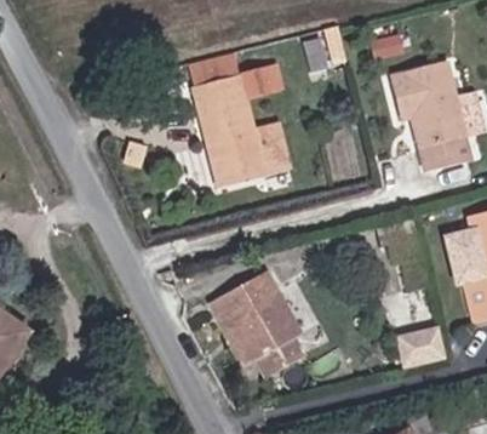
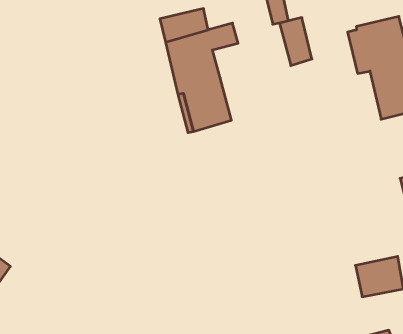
building: [252,121,287,173] -> [280,18,312,66]
building: [211,270,303,377] -> none

